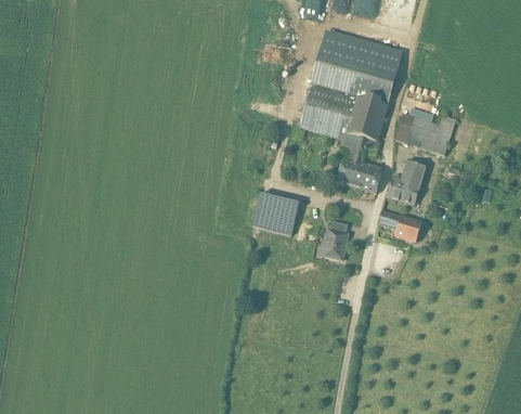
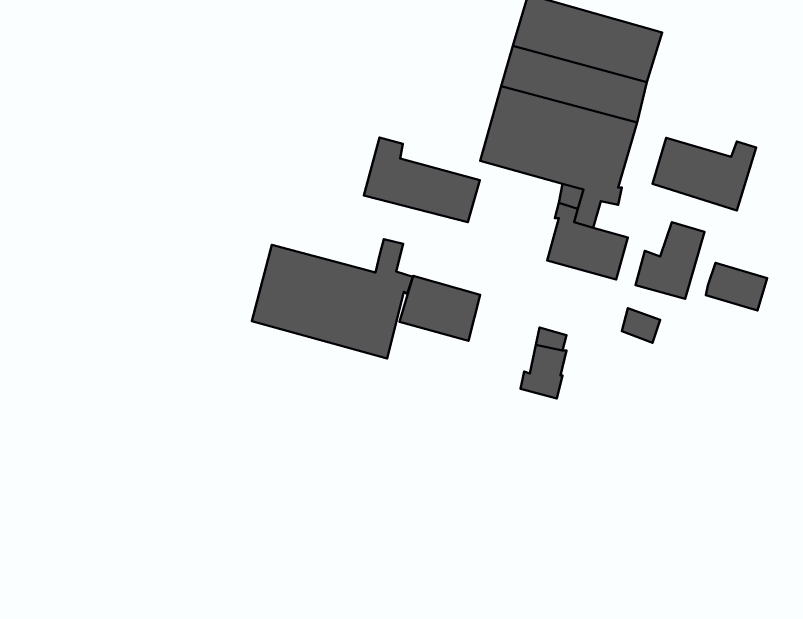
building: none -> [364,138,480,222]
building: none -> [252,239,413,359]
building: [395,216,430,243] -> [706,263,767,311]

